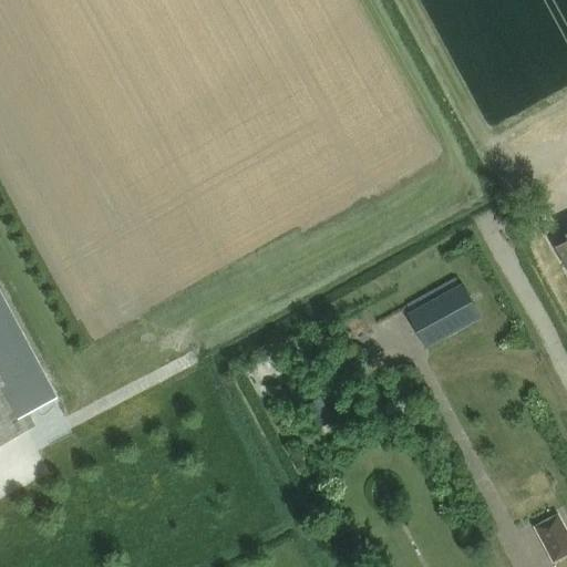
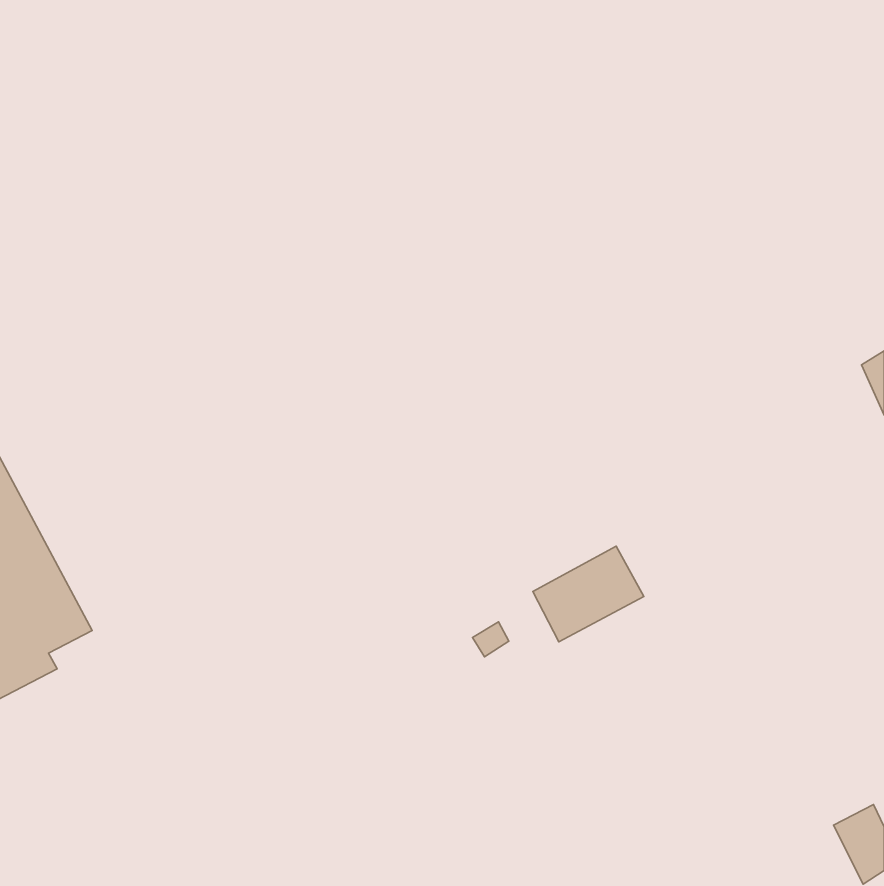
building: [409,284,480,344] -> [533,546,644,642]

